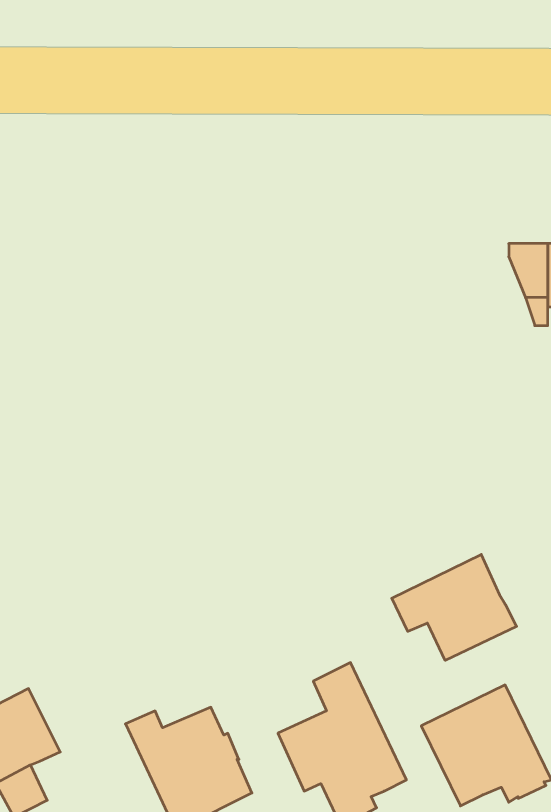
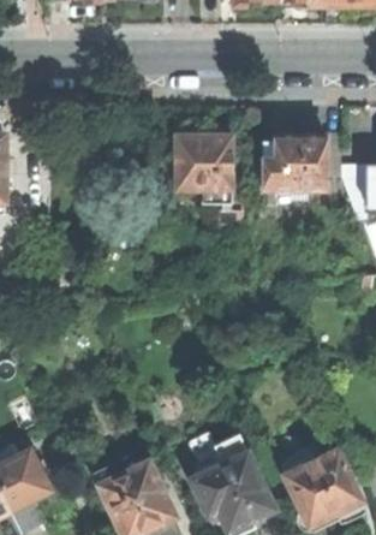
building: none -> [174,129,231,203]
building: none -> [262,136,326,190]
building: [392,554,517,660] -> none

